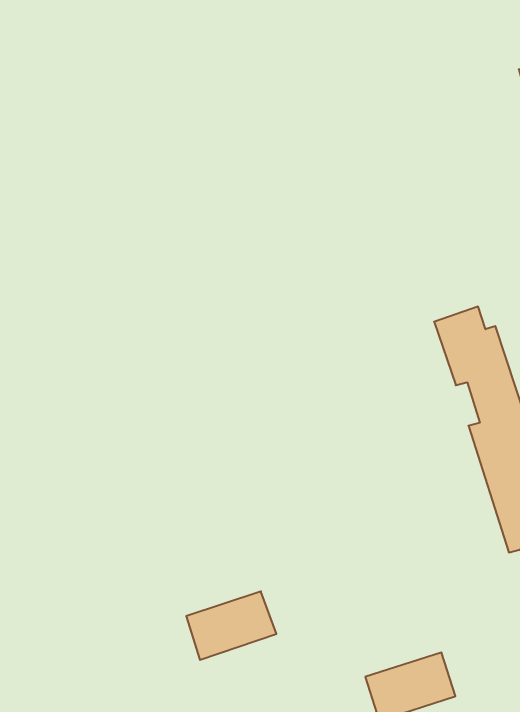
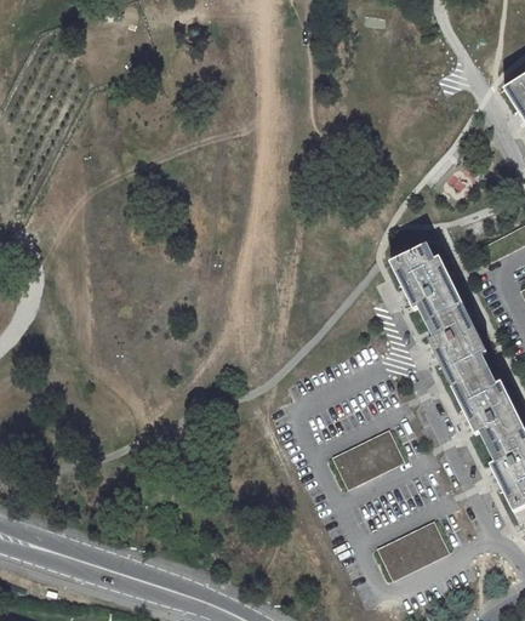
building: [186,591,276,660] -> [333,429,406,490]

